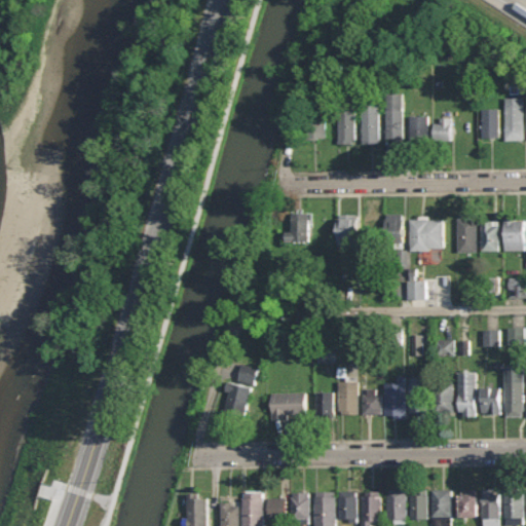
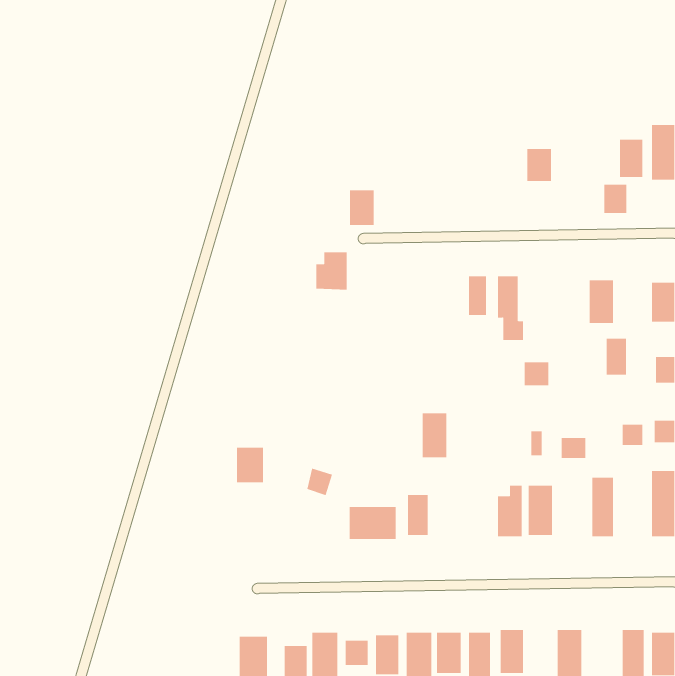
building: [385,95,403,139] -> none
building: [361,103,378,144] -> none
building: [337,111,354,145] -> none
building: [304,112,324,140] -> [349,190,374,226]
building: [433,118,451,141] -> [603,184,627,213]
building: [285,214,309,243] -> [316,252,347,290]
building: [337,215,358,243] -> none
building: [409,217,442,251] -> none
building: [482,222,498,251] -> [606,338,627,375]
building: [338,379,358,414] -> [422,413,447,458]
building: [226,385,248,413] -> [236,447,264,483]
building: [437,385,453,411] -> none
building: [482,387,499,414] -> none
building: [363,389,381,414] -> none
building: [410,489,427,520] -> none
building: [459,489,477,517] -> none

